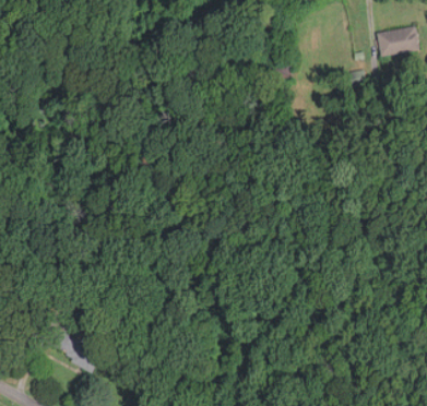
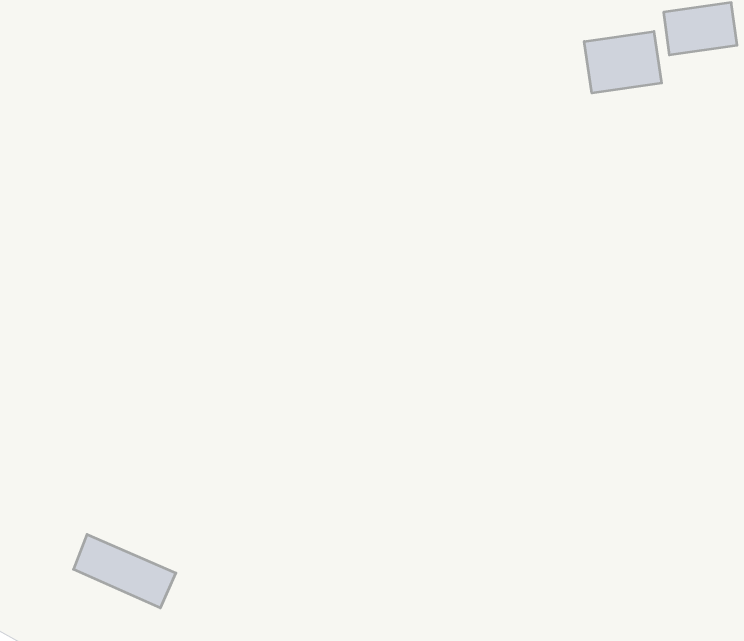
building: none -> [584,31,662,93]

